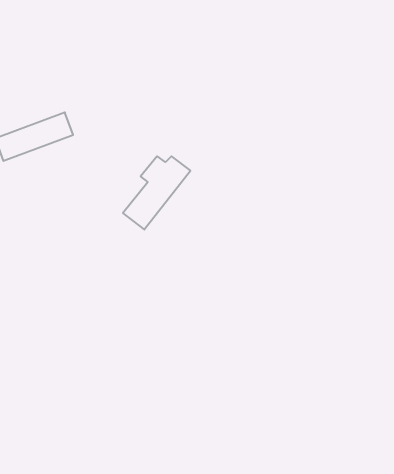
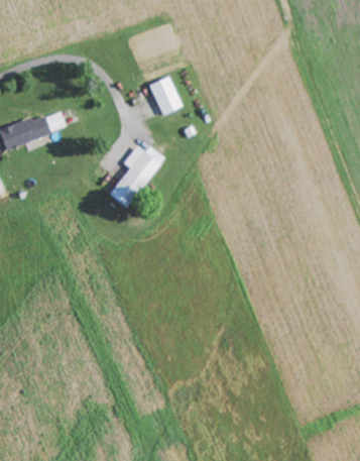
building: none -> [147,77,181,115]

